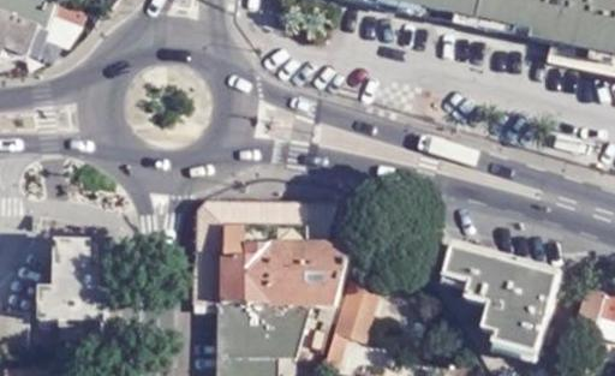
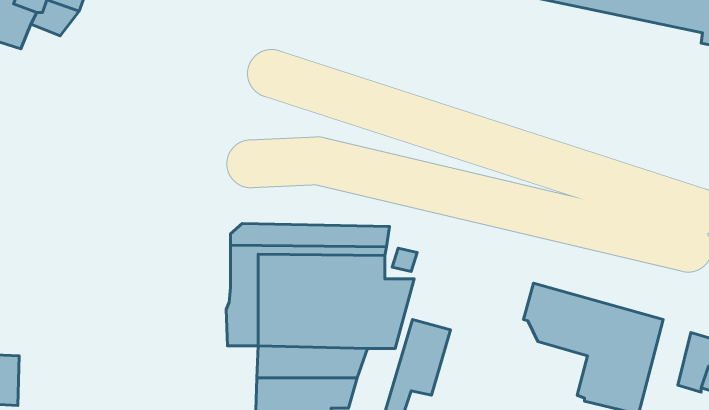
building: [35,240,103,336] -> none

